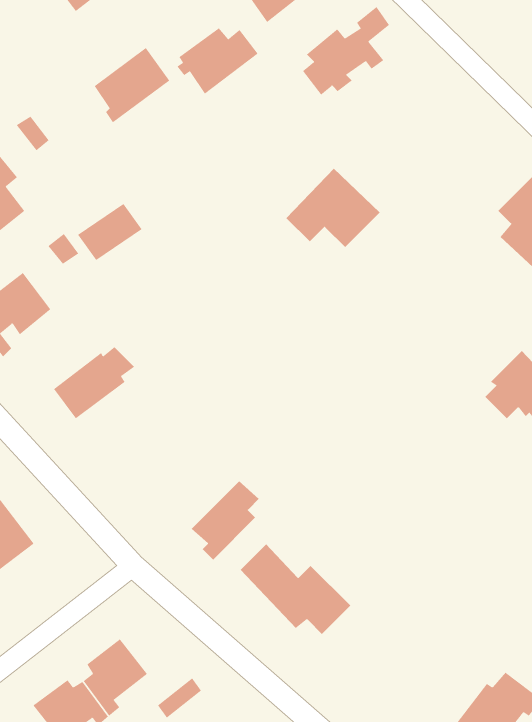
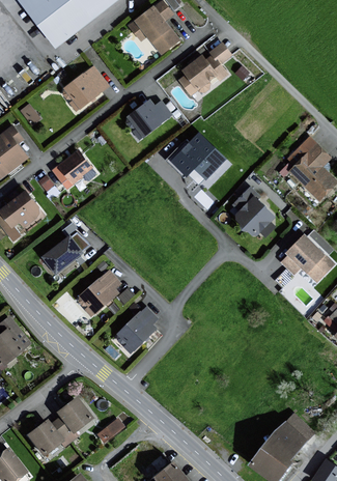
building: [177,27,258,94] -> [125,101,171,138]
building: none -> [234,189,274,236]
building: none -> [80,272,119,316]
building: [240,544,351,635] -> none

